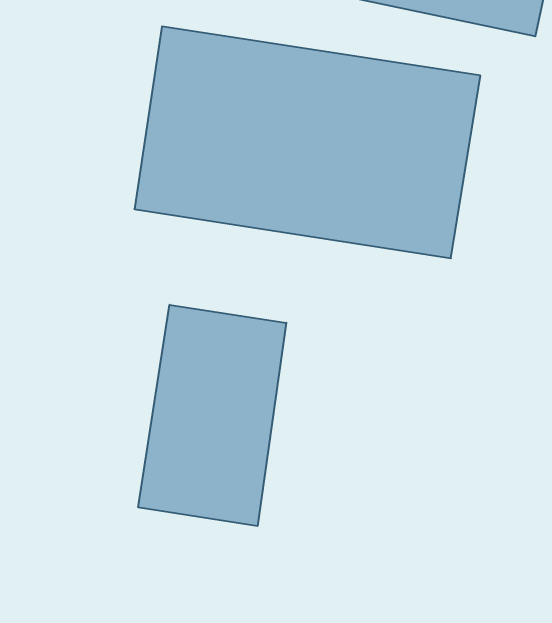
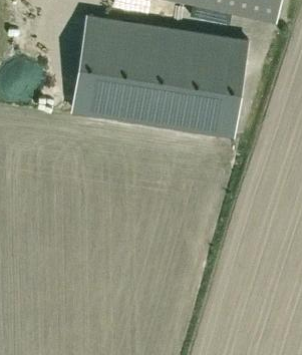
building: [138,305,286,526] -> none

